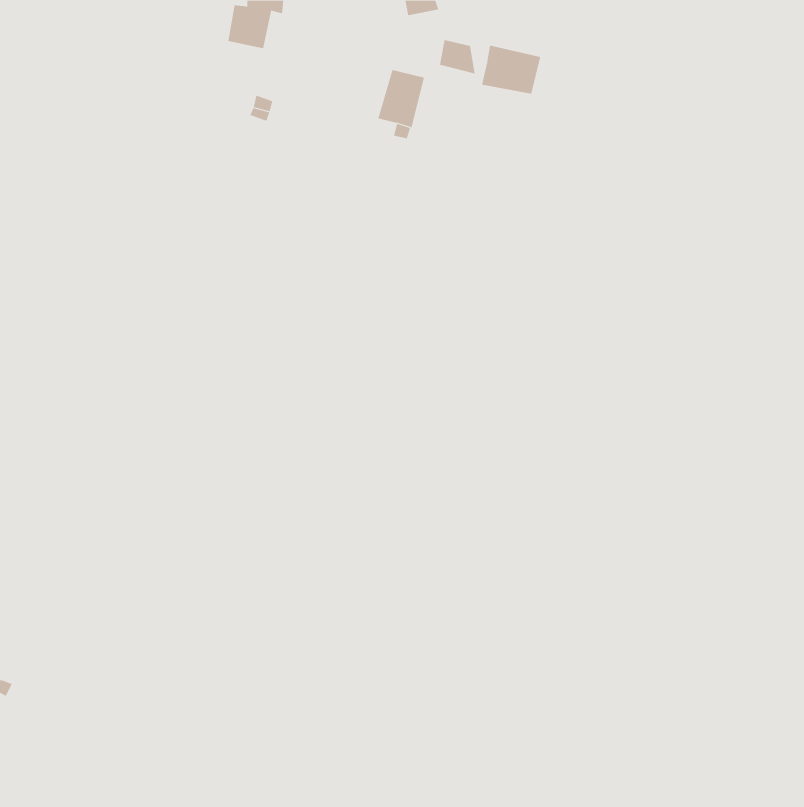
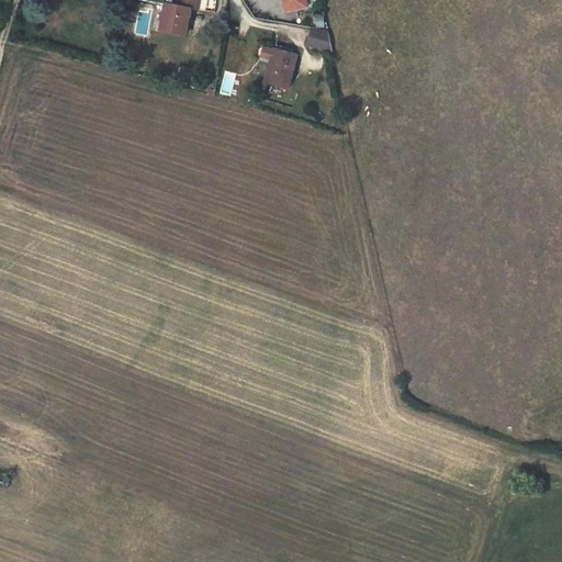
building: [481,45,541,95] -> none

